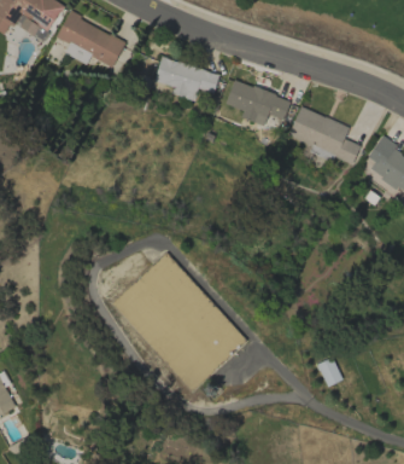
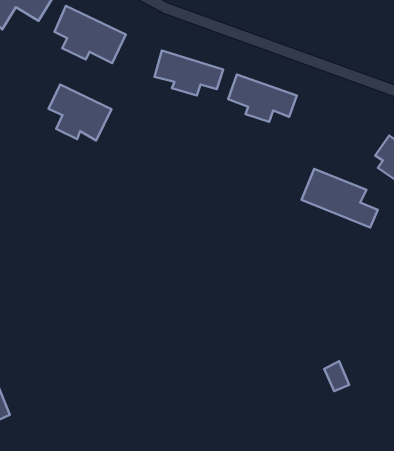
building: none -> [49,85,112,140]
building: [288,106,362,163] -> [302,169,378,227]

